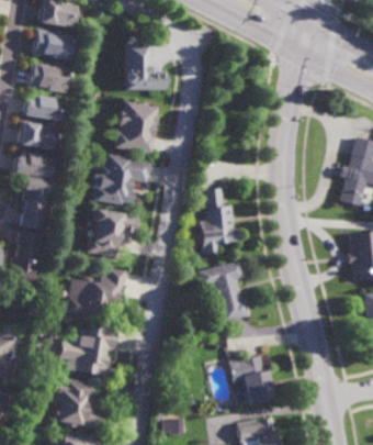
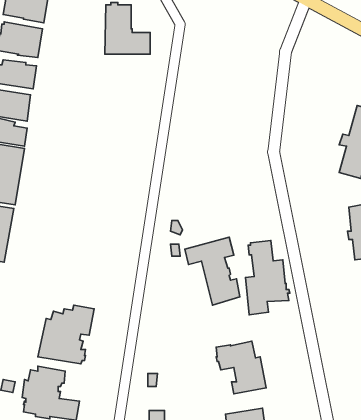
building: [116,103,160,156] -> none
building: [93,155,152,204] -> none
building: [200,186,240,254] -> [246,241,290,315]
building: [88,207,140,256] -> none
building: [66,266,126,315] -> none

